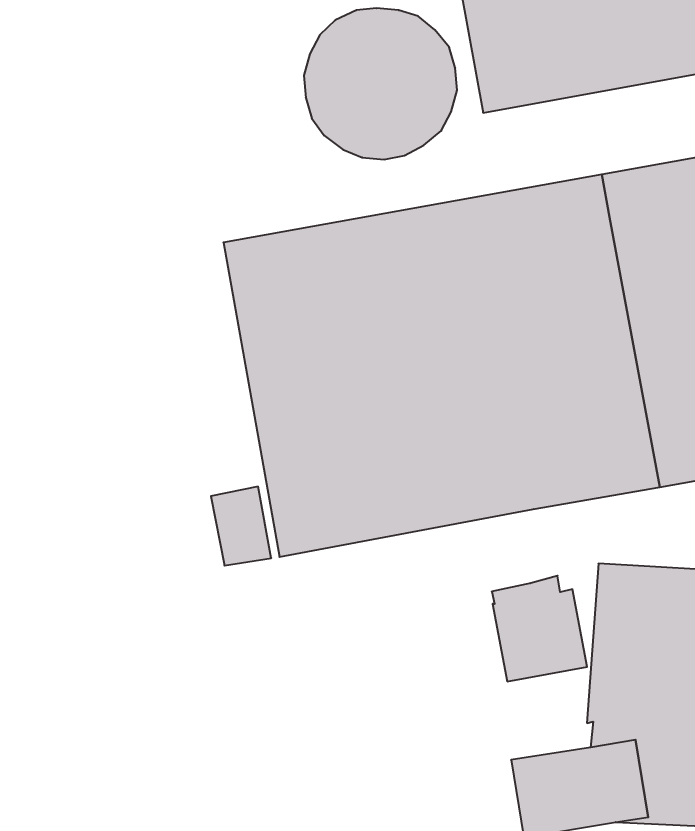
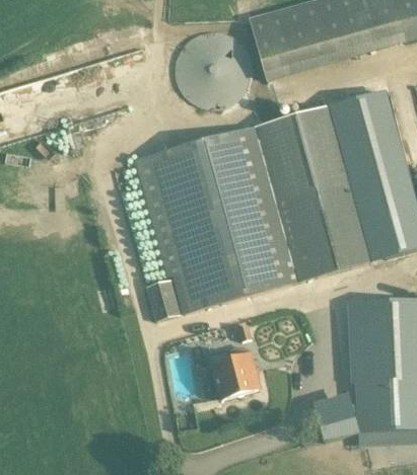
building: [492,576,587,681] -> [211,345,263,401]

